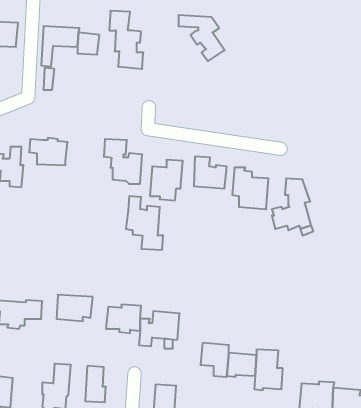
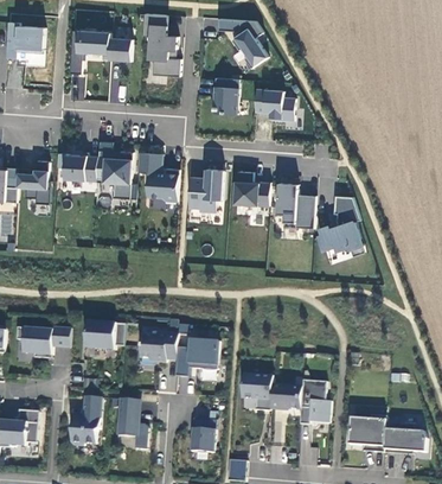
building: none -> [211,77,237,114]
building: none -> [250,88,292,120]
building: [126,196,163,250] -> [95,140,135,198]

